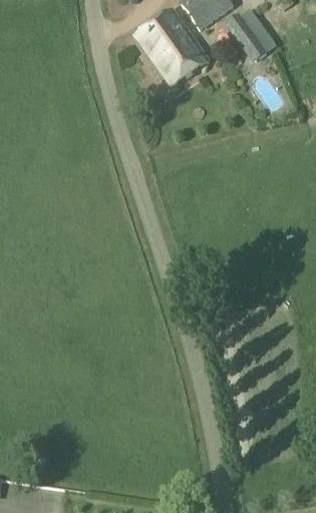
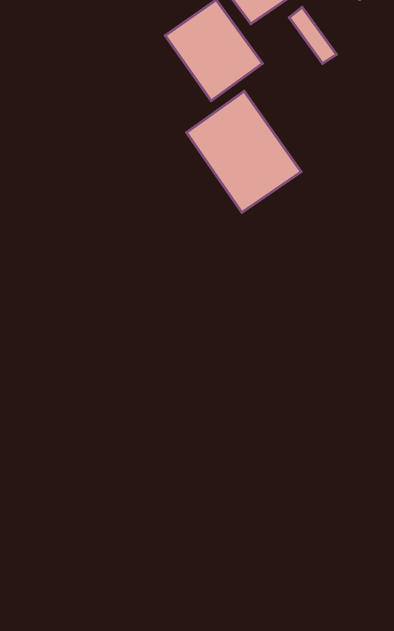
building: none -> [186,91,301,212]

